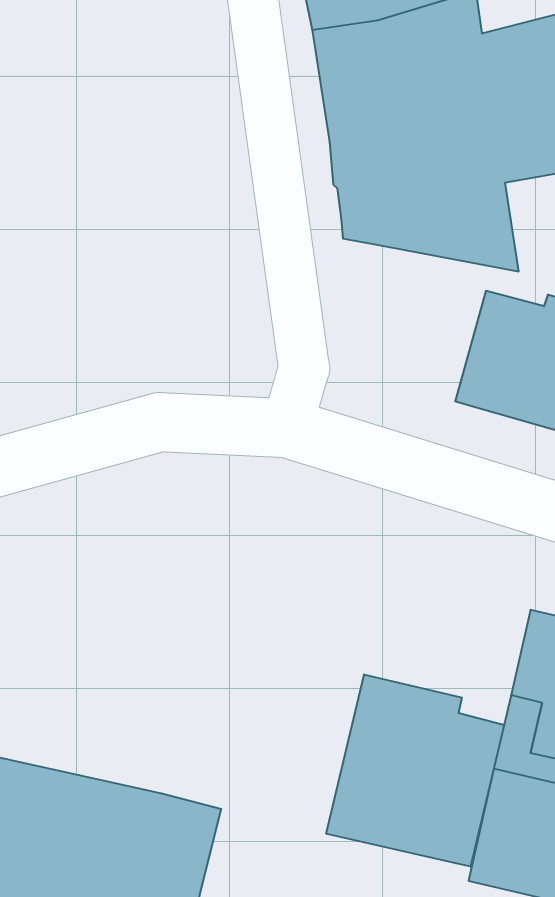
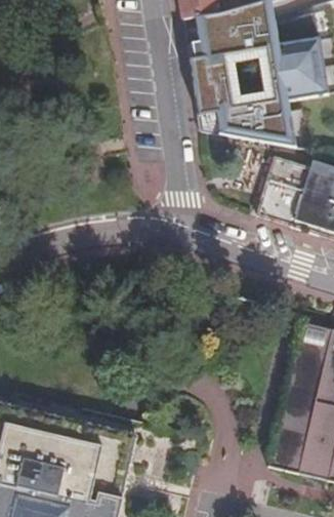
building: [326,674,504,867] -> none

